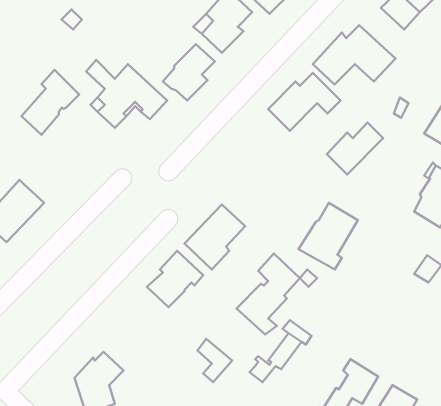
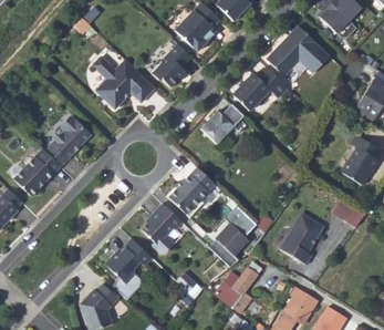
building: [21,70,79,135] -> [45,116,90,166]
building: [327,122,383,174] -> [200,104,243,144]
building: [299,203,358,269] -> [279,213,324,264]
building: none -> [105,239,151,285]

